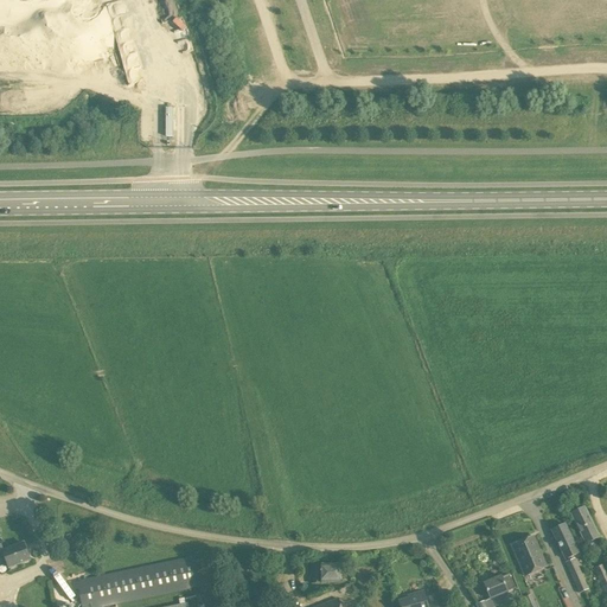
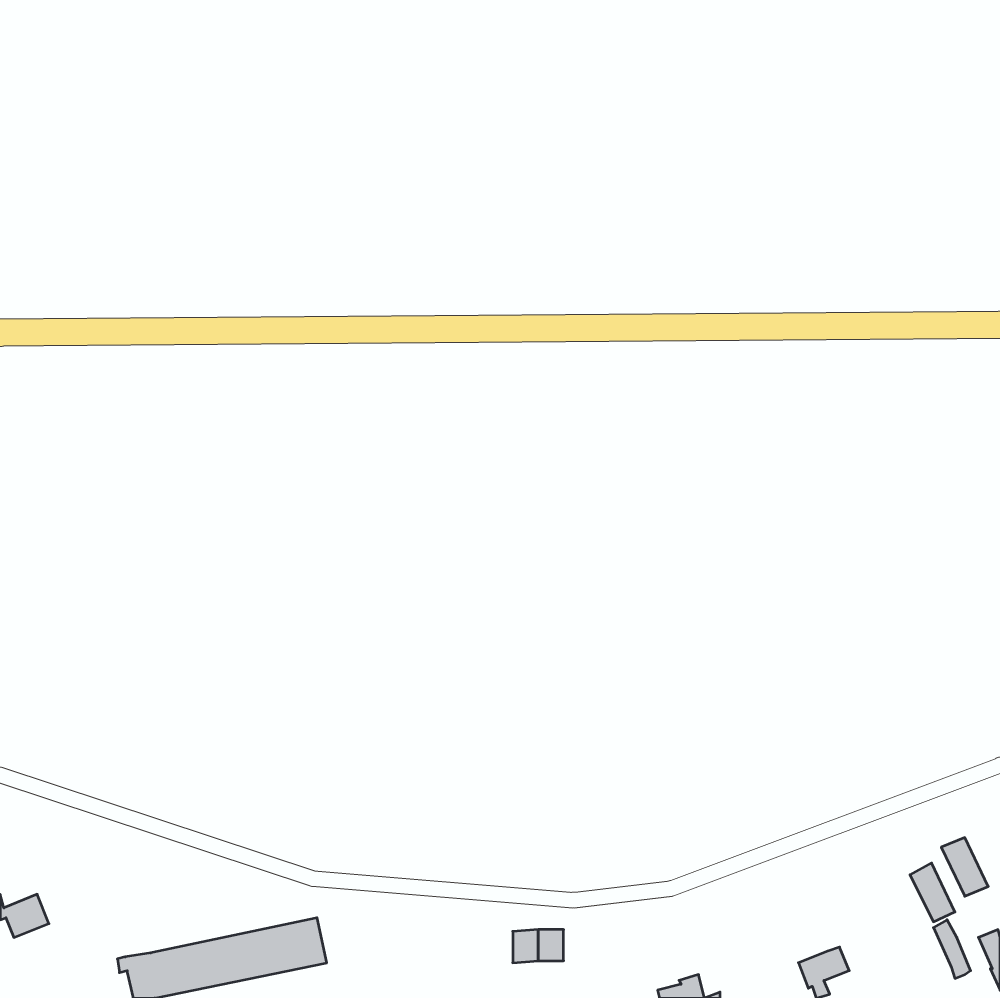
building: [511,535,547,575] -> none

